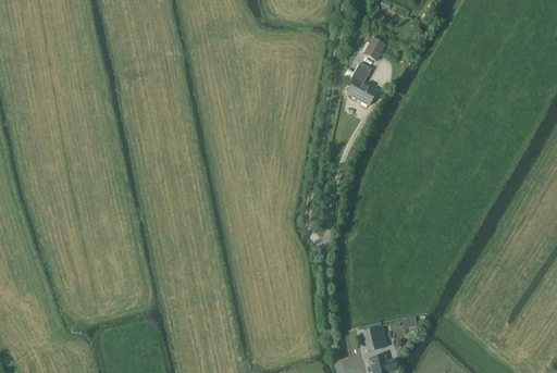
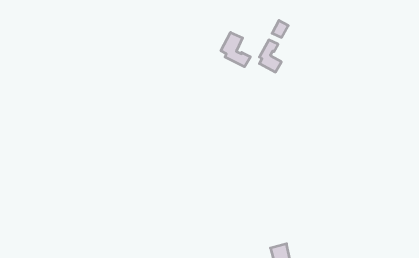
building: none -> [221,32,250,67]

